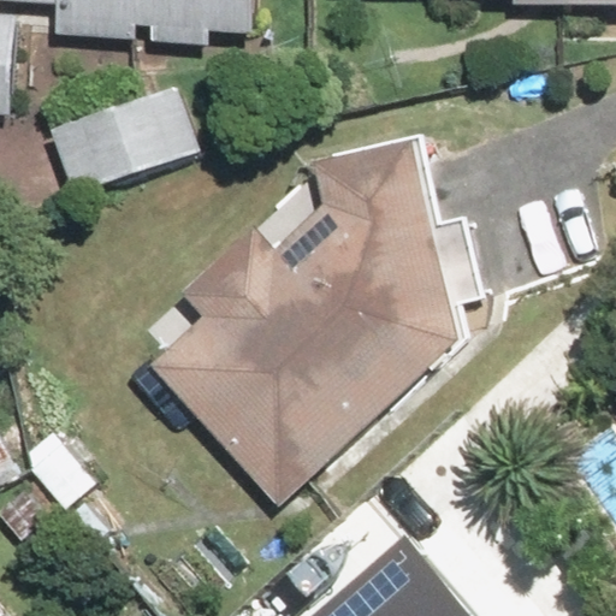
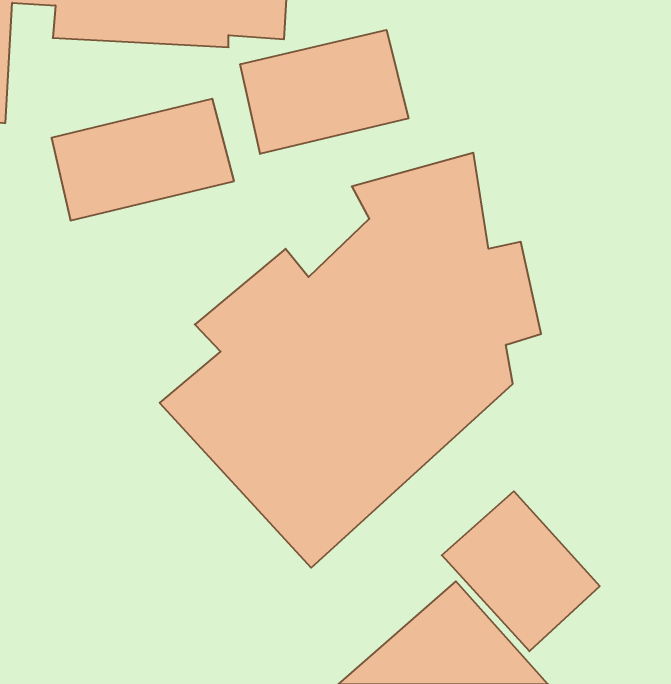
building: none -> [240,30,408,154]
building: none -> [442,491,600,651]

